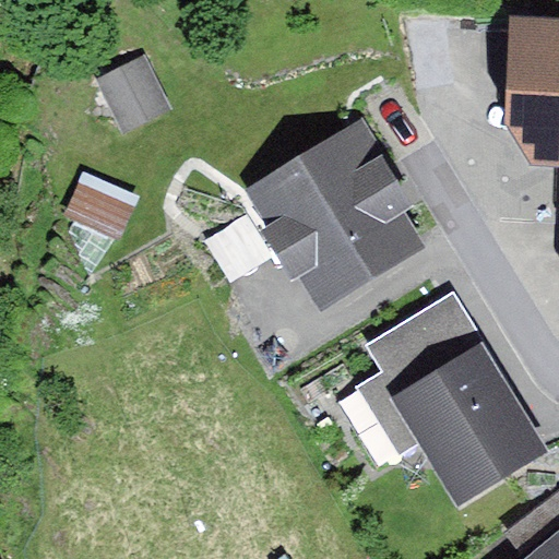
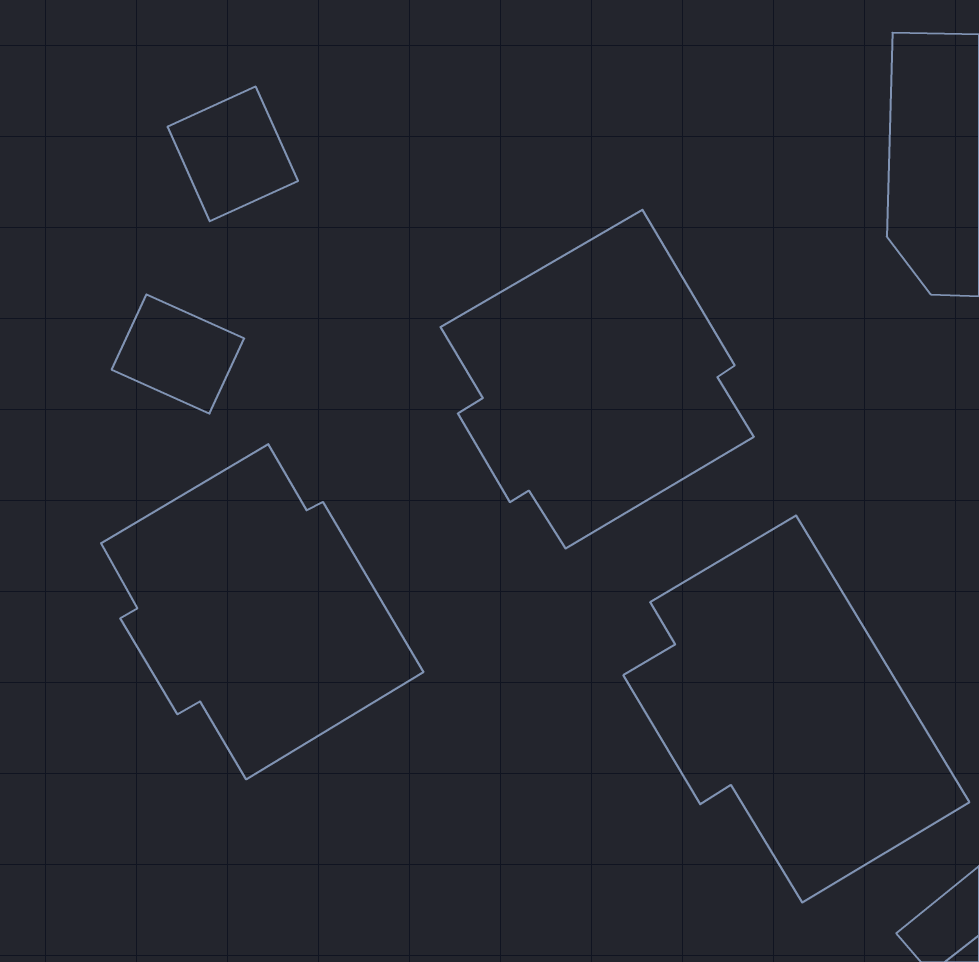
building: none -> [101,444,423,779]

